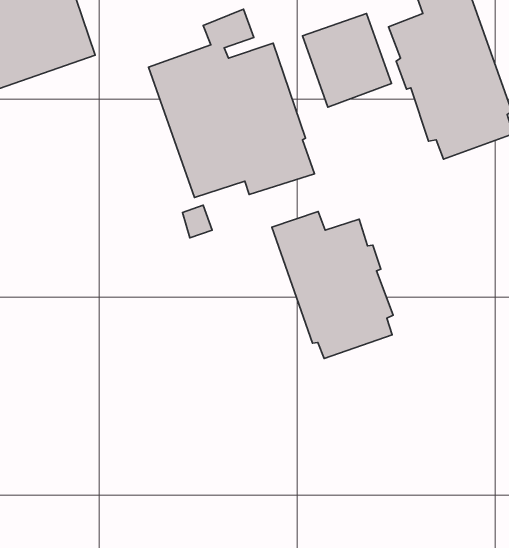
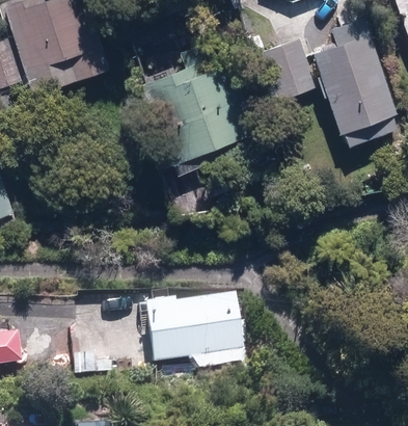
building: [272,212,393,358] -> none
building: none -> [145,294,244,363]

